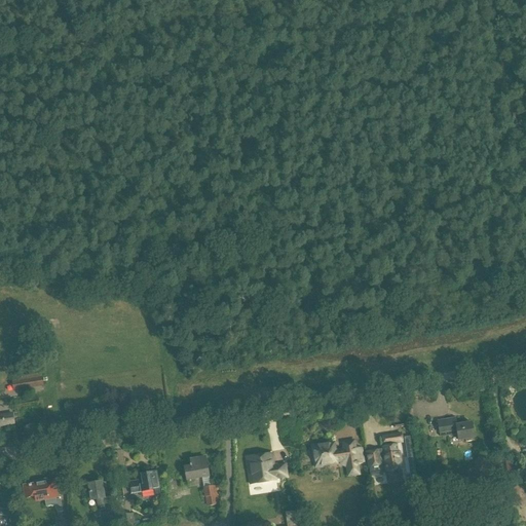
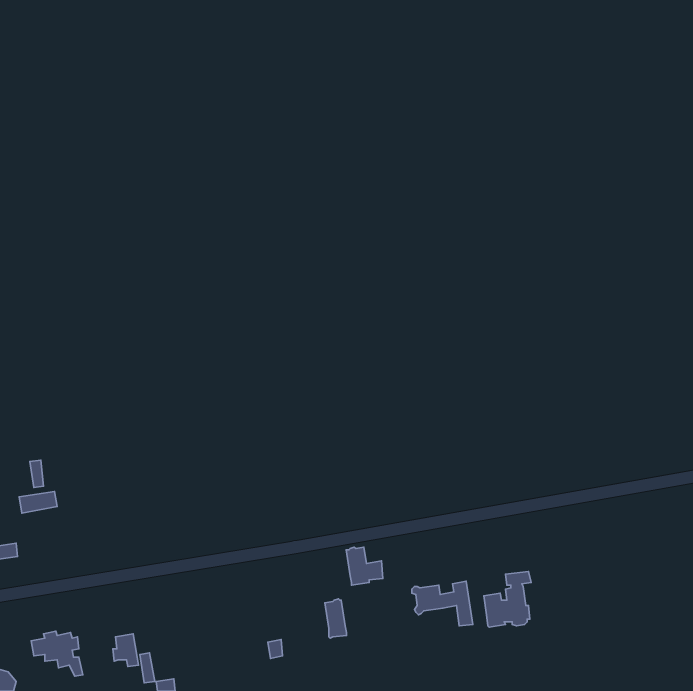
building: [437,417,473,441] -> none
building: [258,452,286,481] -> [346,547,383,585]
building: [184,455,209,480] -> none
building: [129,467,159,494] -> none

